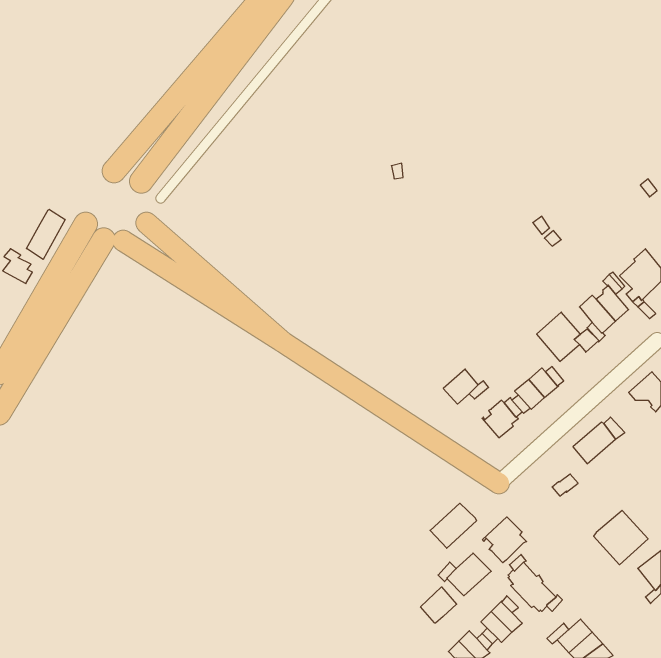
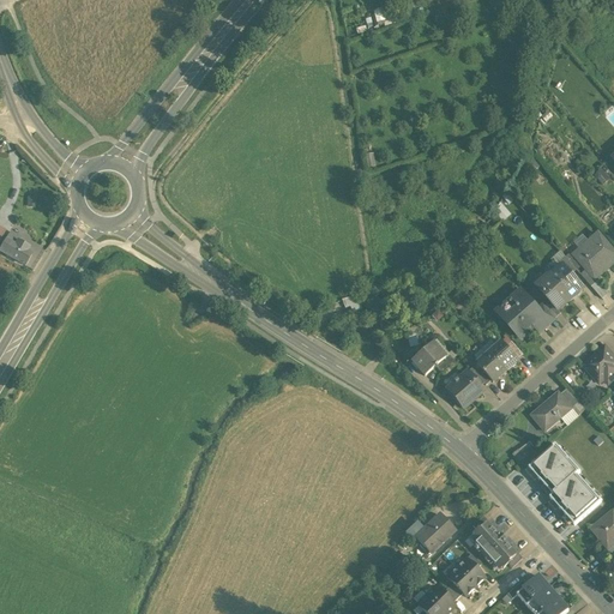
building: [26,209,65,259] -> none
building: none -> [528,443,579,493]
building: [430,503,476,548] -> none
building: [483,517,527,563] -> none
building: [421,587,457,623] -> none

